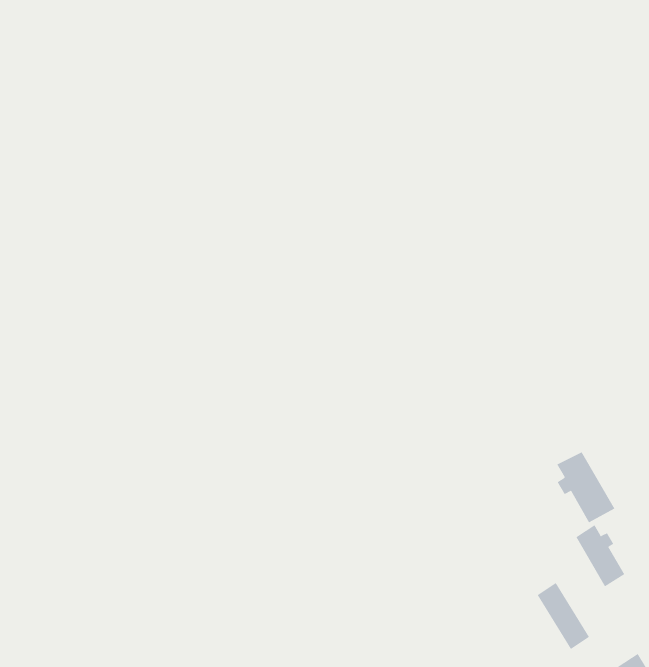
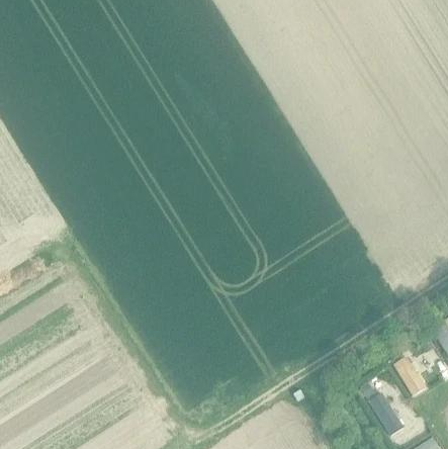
building: [557,451,615,523] -> none

